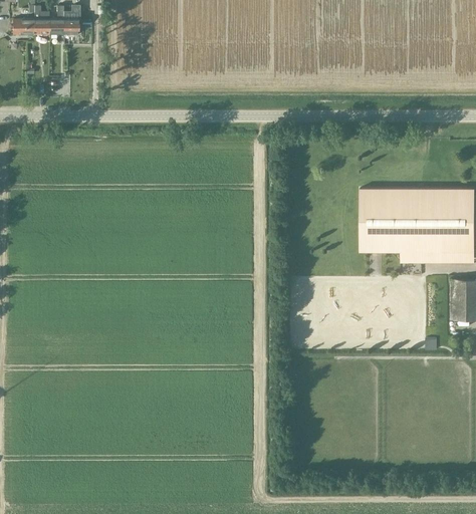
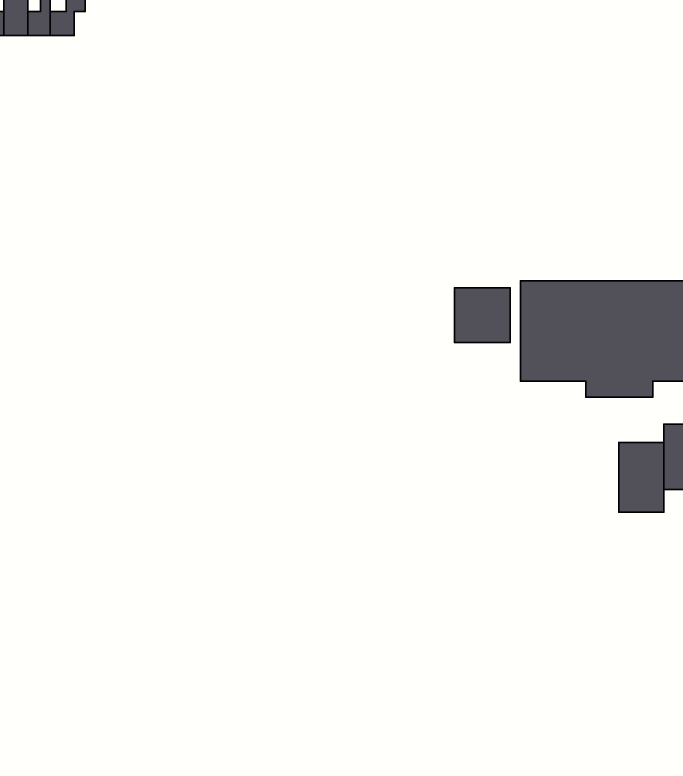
building: none -> [455,288,510,342]
building: none -> [619,442,664,512]

